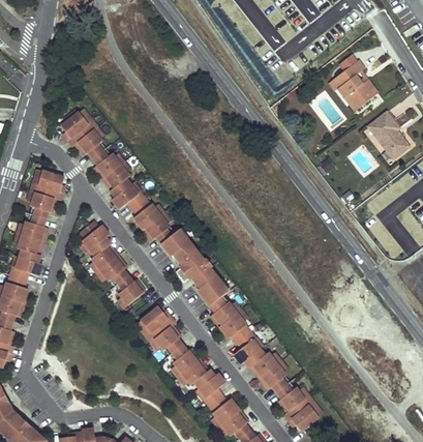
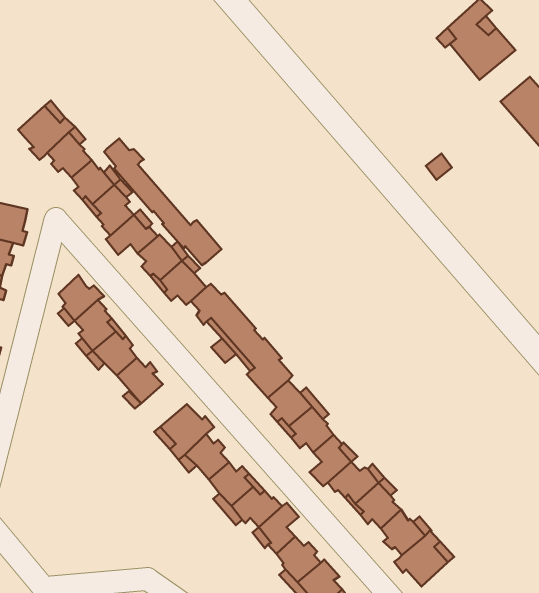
building: none -> [104,138,222,265]

